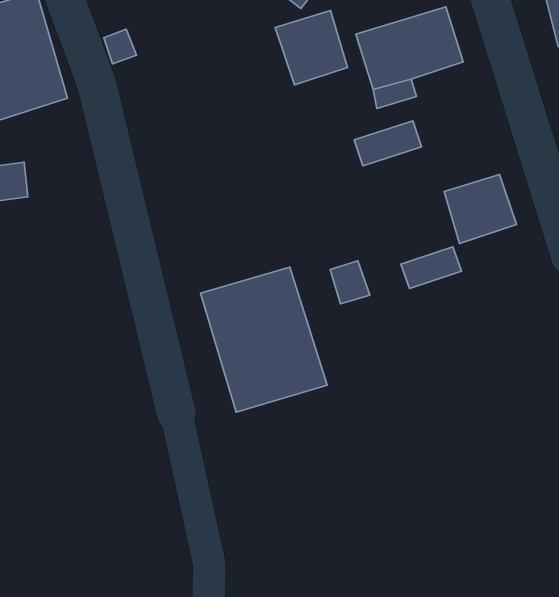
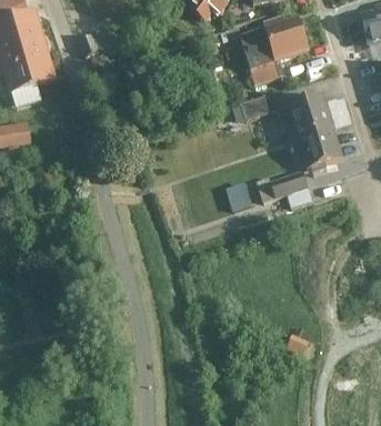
building: [275,10,348,85] -> none
building: none -> [285,93,332,136]
building: [200,267,327,412] -> none

